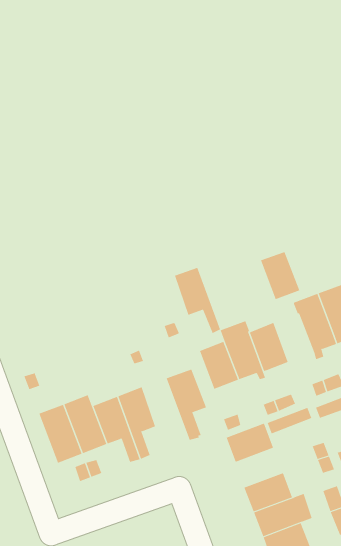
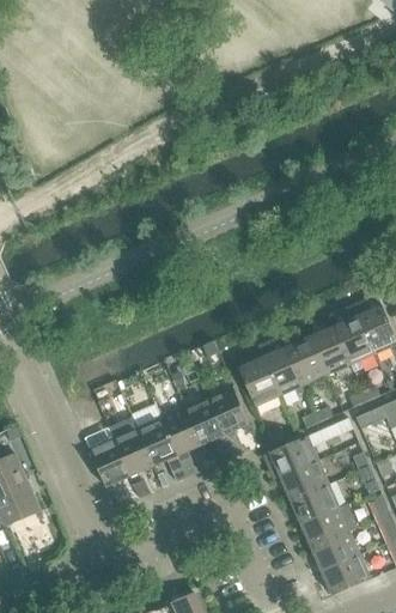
building: [260,252,300,300] -> [310,327,351,375]
building: [174,267,221,334] -> [184,397,233,462]
building: none -> [280,460,328,500]

